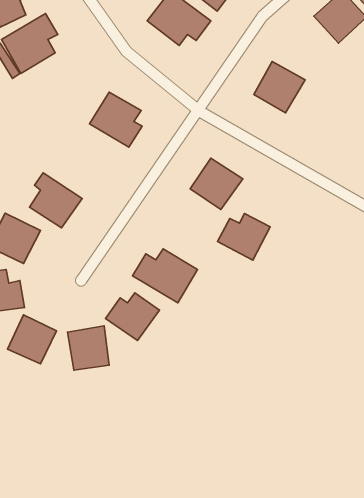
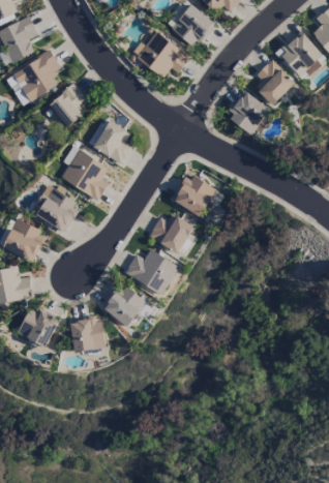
building: none -> [255,60,295,105]
building: none -> [49,84,86,126]
building: none -> [62,149,109,201]
building: [217,213,270,260] -> [149,213,193,252]

